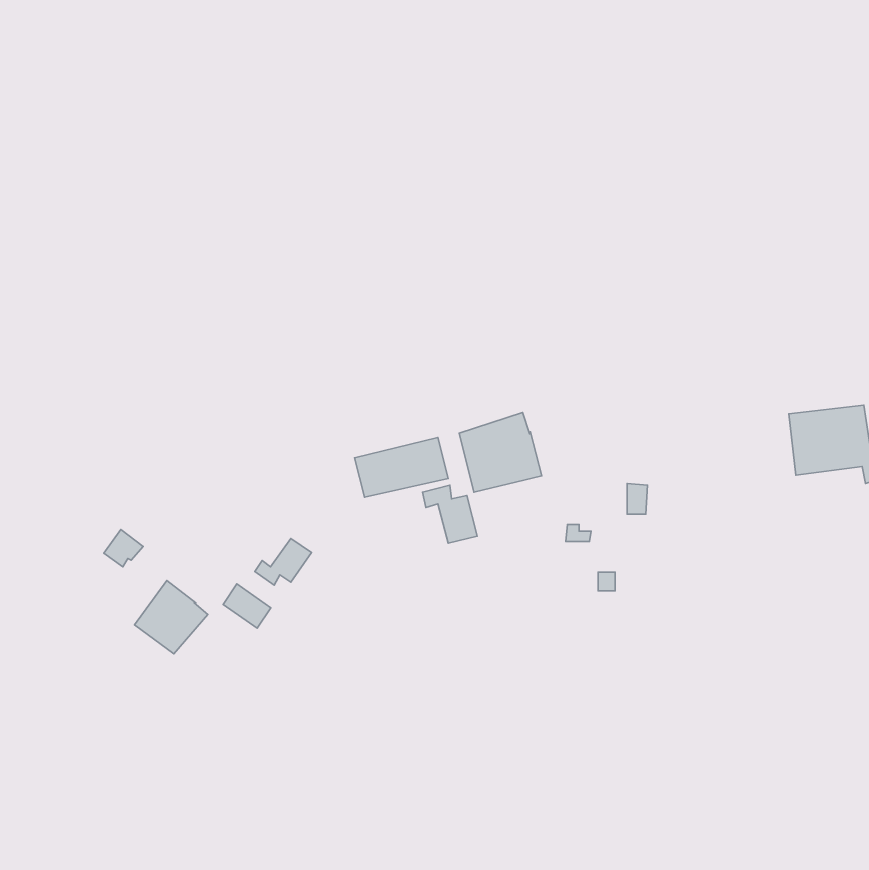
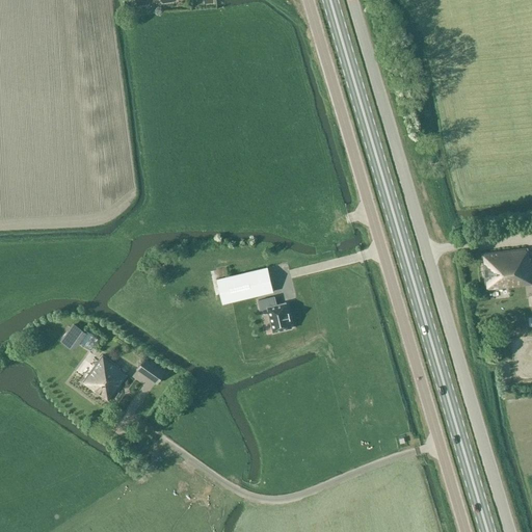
building: [459,413,542,492] -> none
building: [255,539,311,585] -> none

